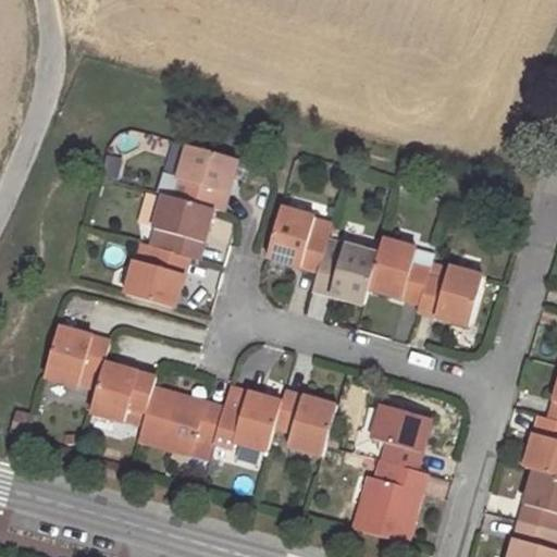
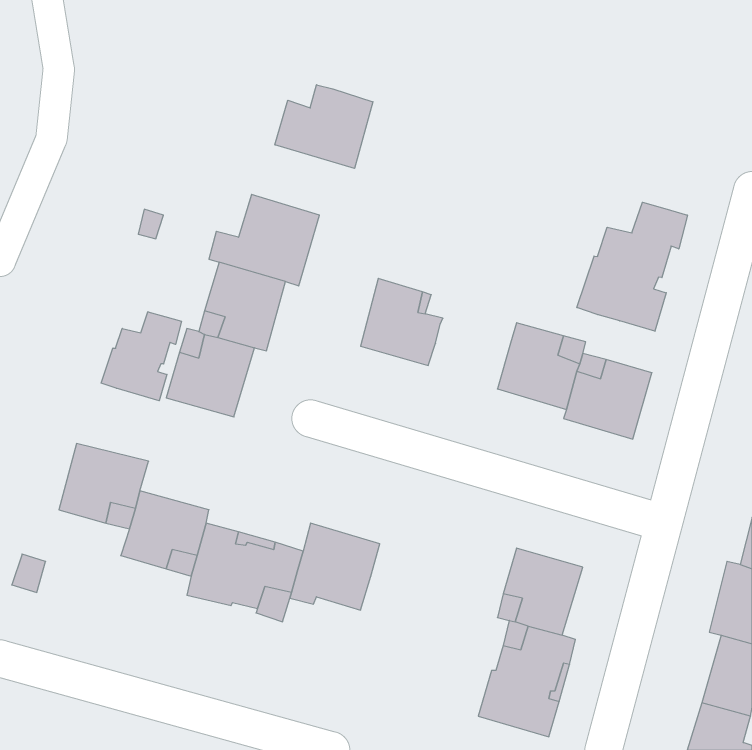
building: none -> [275,85,373,168]
building: none -> [577,202,687,331]
building: none -> [101,312,181,401]
building: [312,239,377,302] -> none
building: [274,391,335,454] -> none

